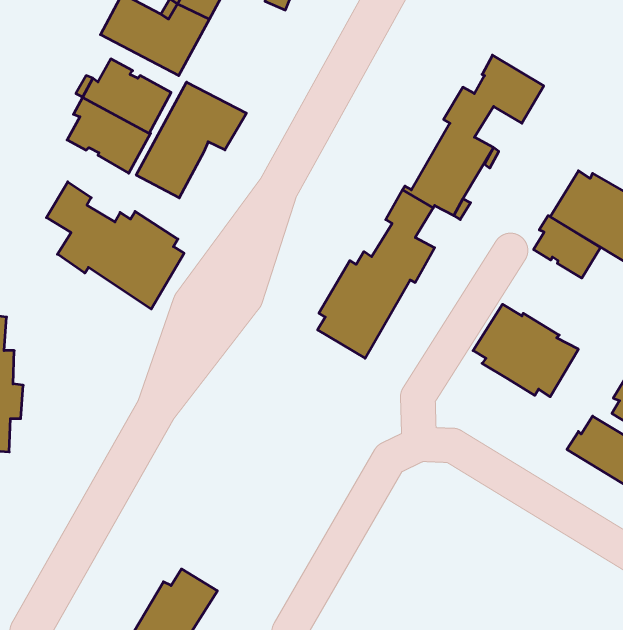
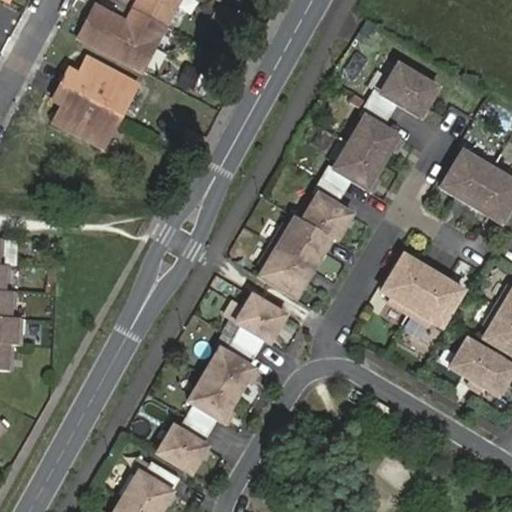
building: [136,82,246,198] -> none
building: [46,182,184,309] -> none
building: [534,216,601,278] -> none
building: none -> [157,293,285,472]

